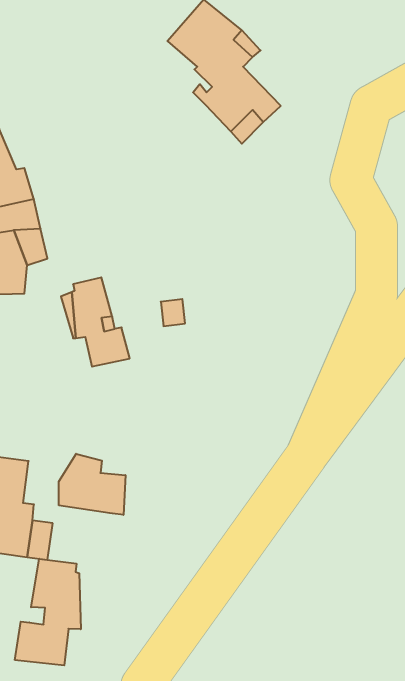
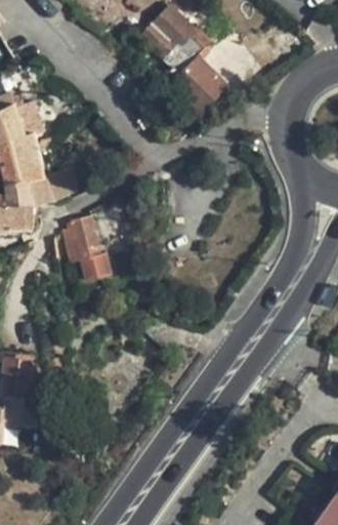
building: [59,454,125,515] -> none
building: [15,559,81,665] -> none

